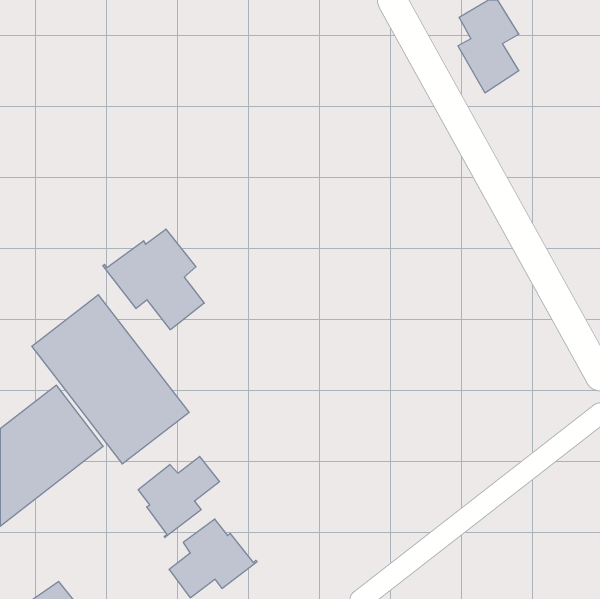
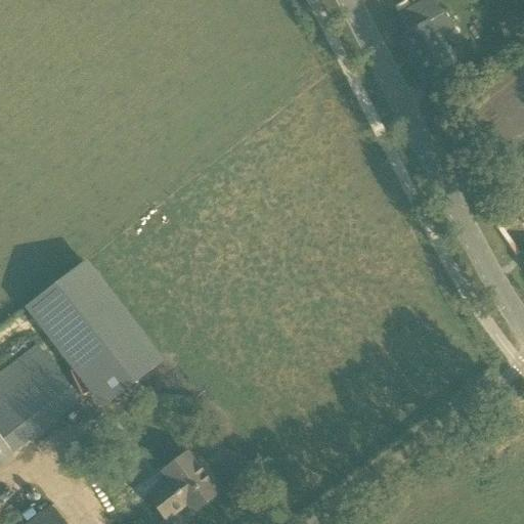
building: [103,229,204,330] -> none
building: [138,456,220,538] -> none

